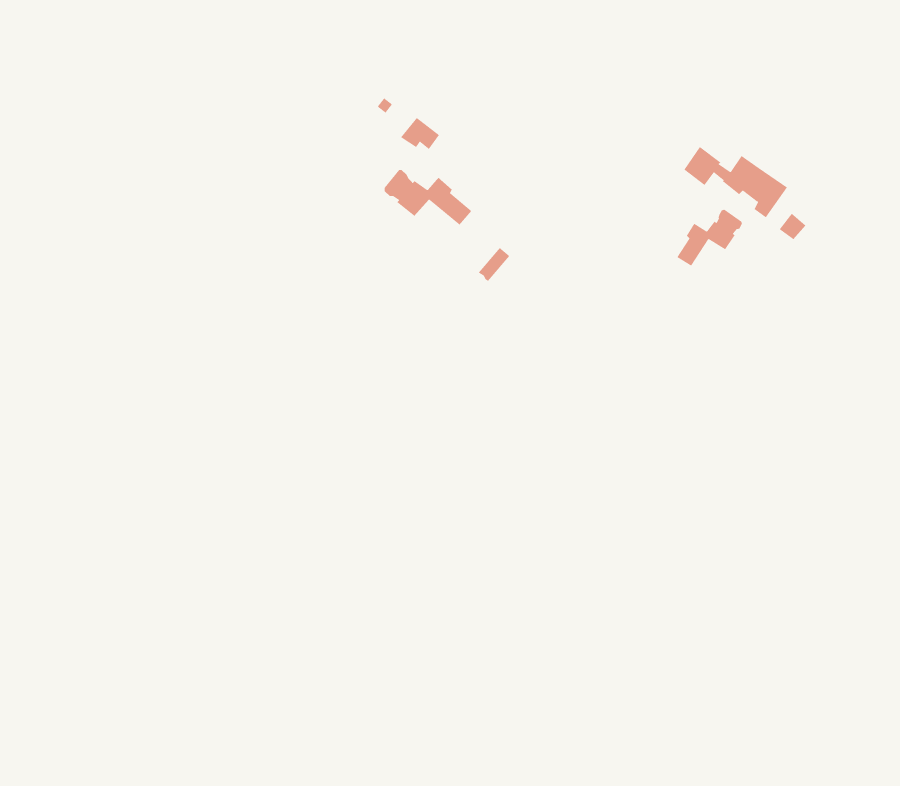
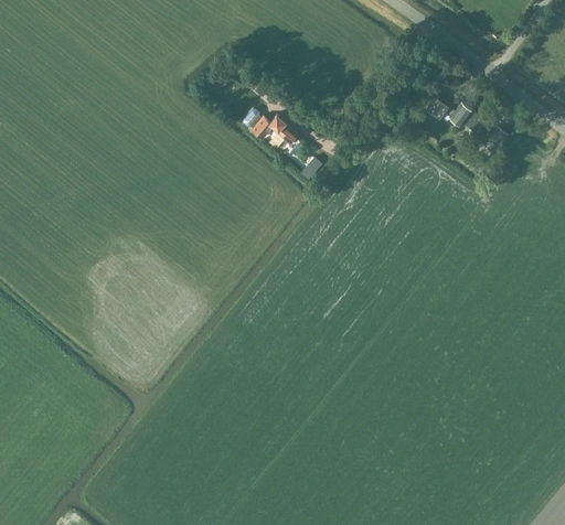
building: [677,209,743,267] -> none

